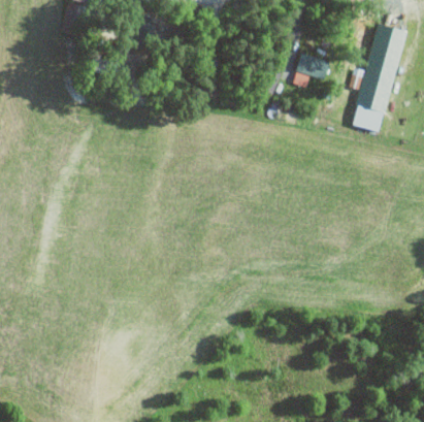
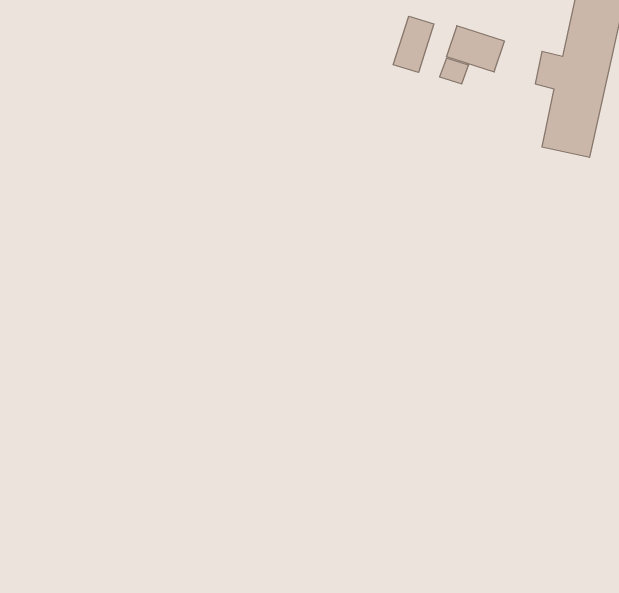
building: none -> [393,16,434,72]

